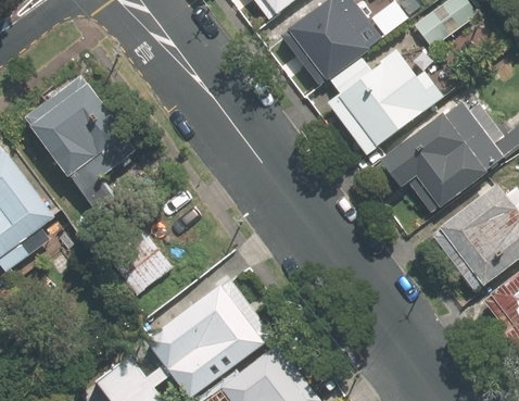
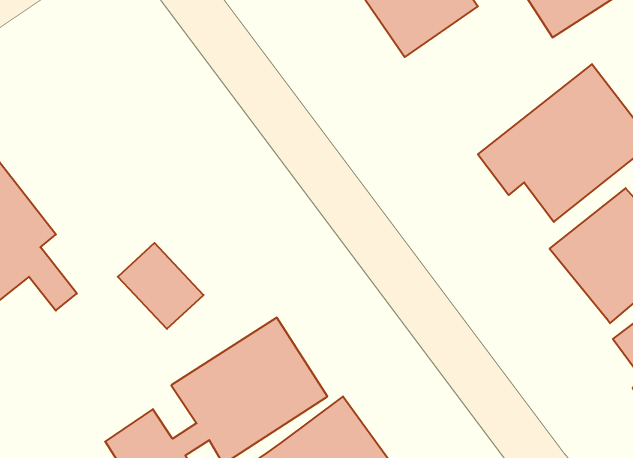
building: [329,50,445,155] -> none
building: [21,75,135,222] -> none

